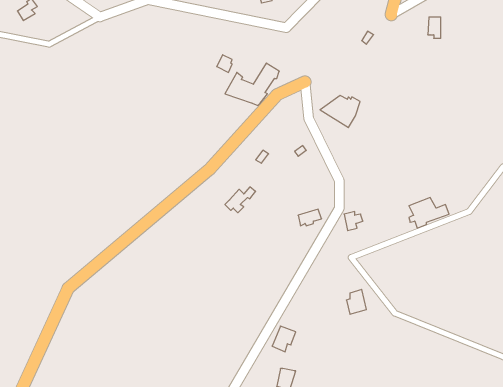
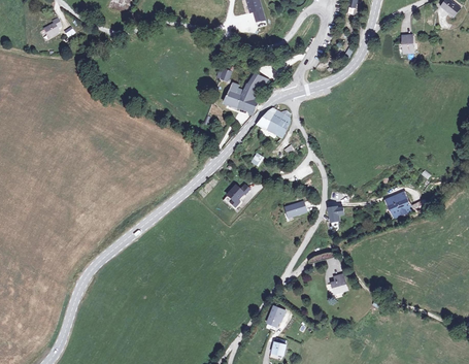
building: [320,96,360,128] -> [257,109,292,137]

